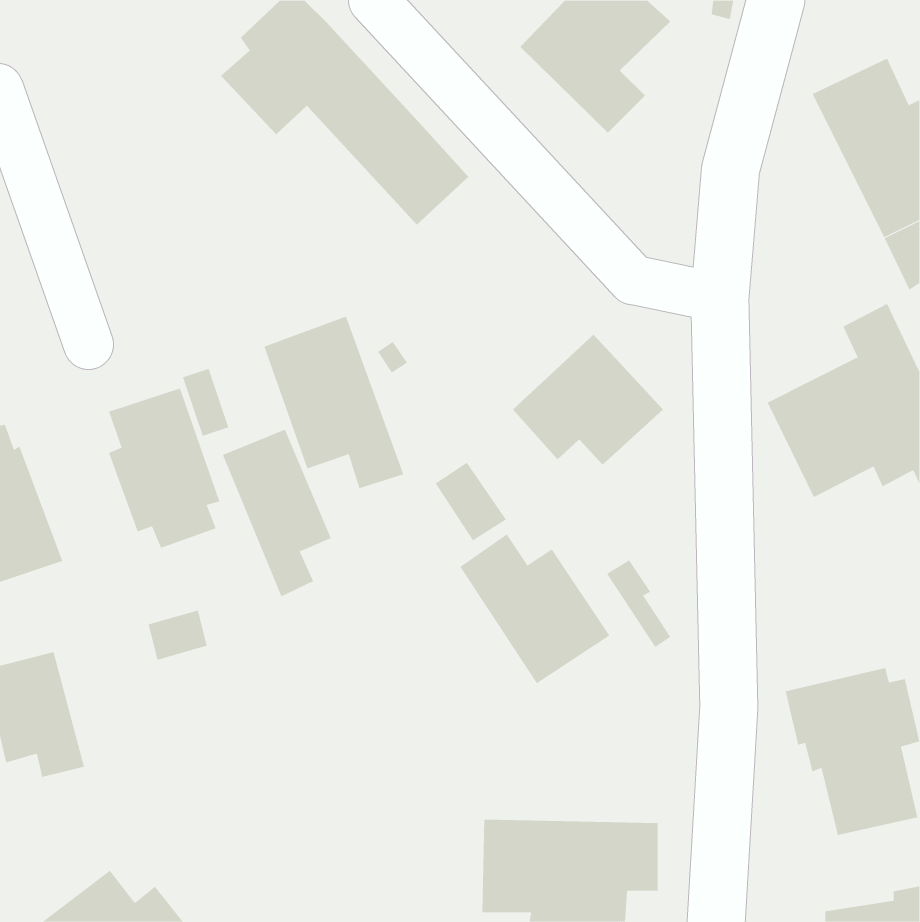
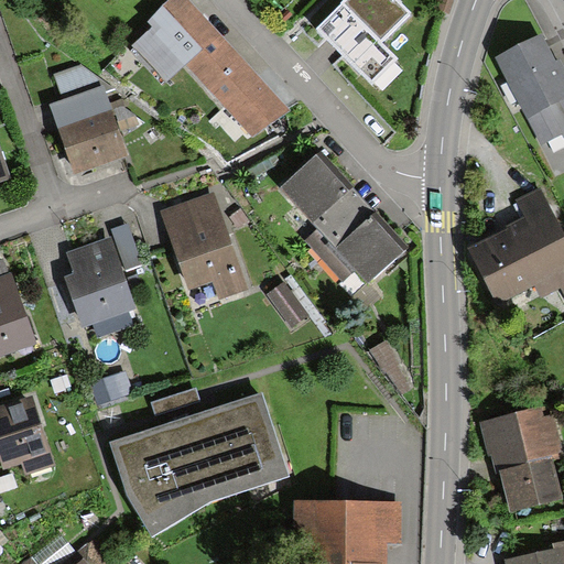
building: none -> [51,67,126,172]
building: none -> [280,155,362,250]
building: [222,429,331,597] -> none
building: [460,534,610,684] -> none
building: none -> [111,391,286,532]

